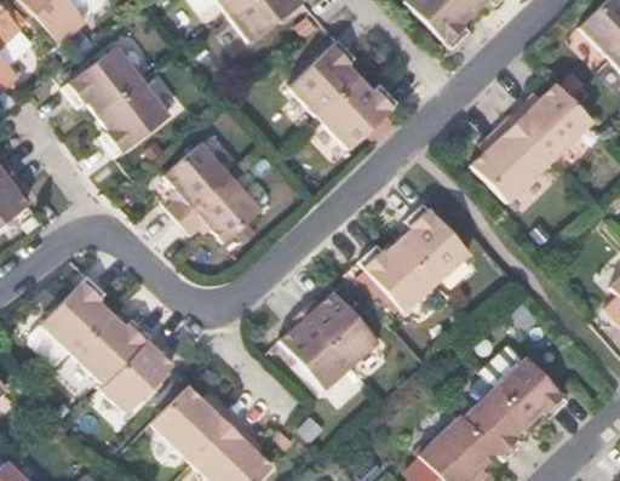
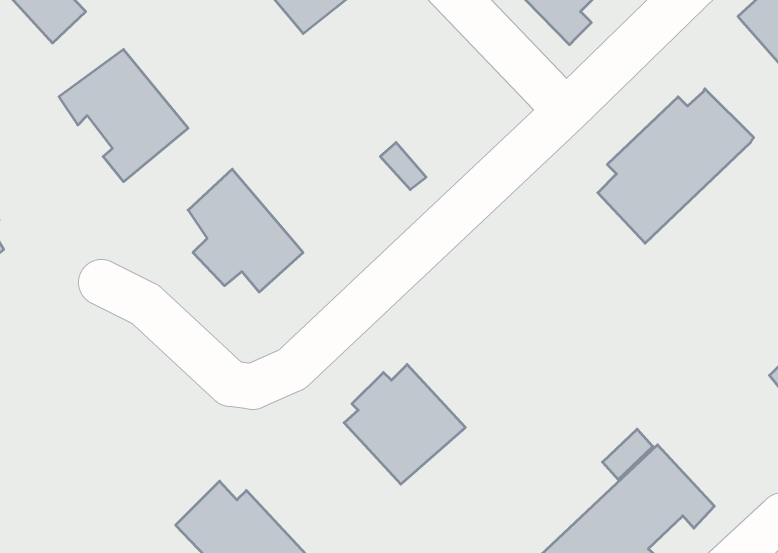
building: [295,44,400,145] -> none
building: [361,207,467,313] -> none
building: [42,275,167,403] -> none

